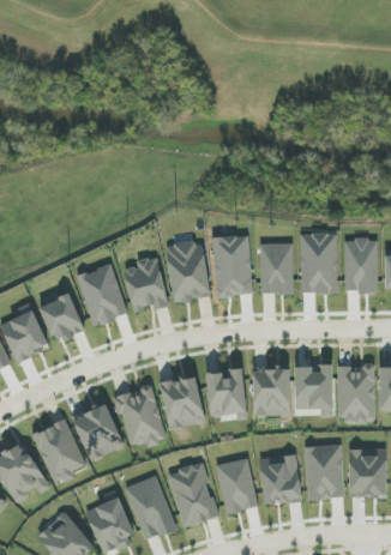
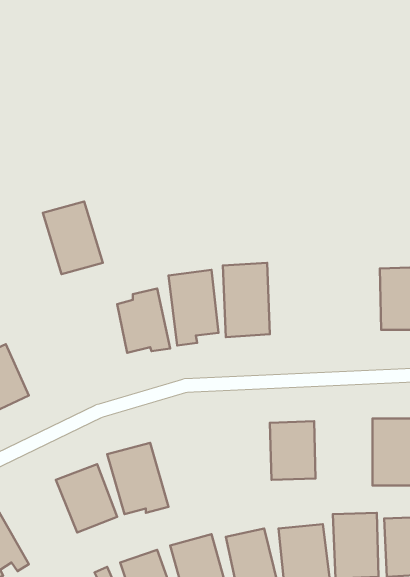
building: [300,234,336,291] -> none
building: [259,242,294,294] -> none
building: [77,264,127,325] -> [43,201,103,274]
building: [40,291,85,342] -> none
building: [295,364,333,416] -> none
building: [206,368,246,418] -> none
building: [160,374,205,429] -> none
building: [32,418,85,483] -> none

